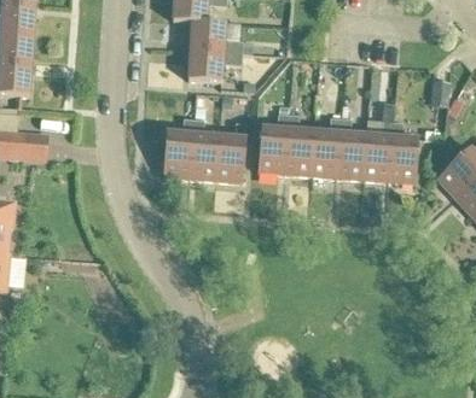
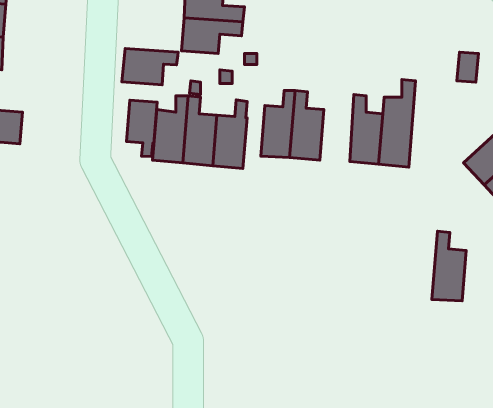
building: none -> [122,49,178,85]
building: [309,118,339,177] -> none
building: [388,122,418,183] -> [432,231,466,301]
building: none -> [127,100,157,157]

